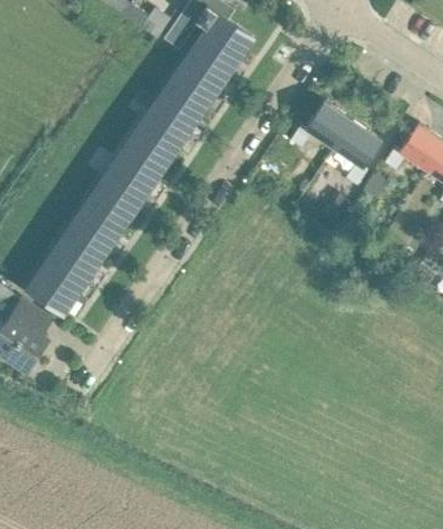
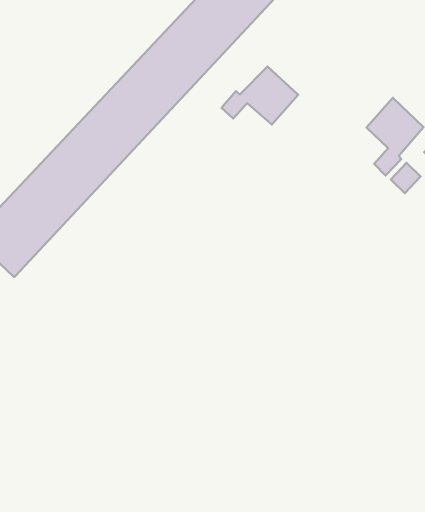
building: [293,102,354,149] -> [222,67,298,124]

